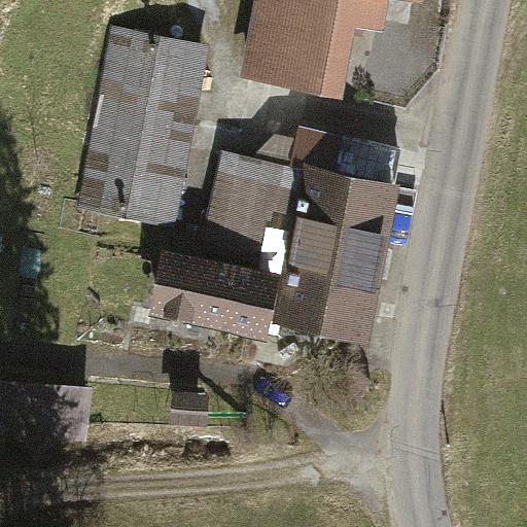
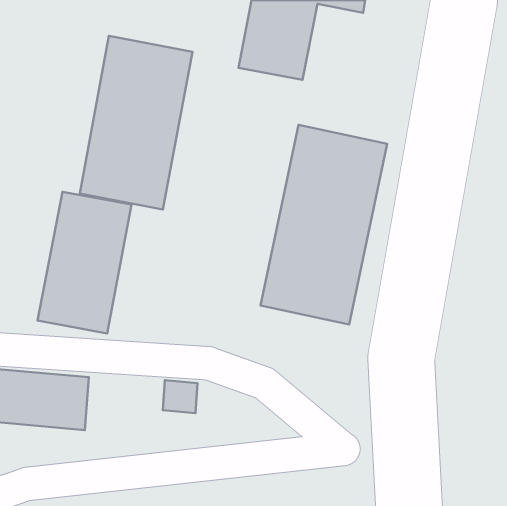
building: [150,166,297,336] -> none
building: none -> [37,192,132,334]

